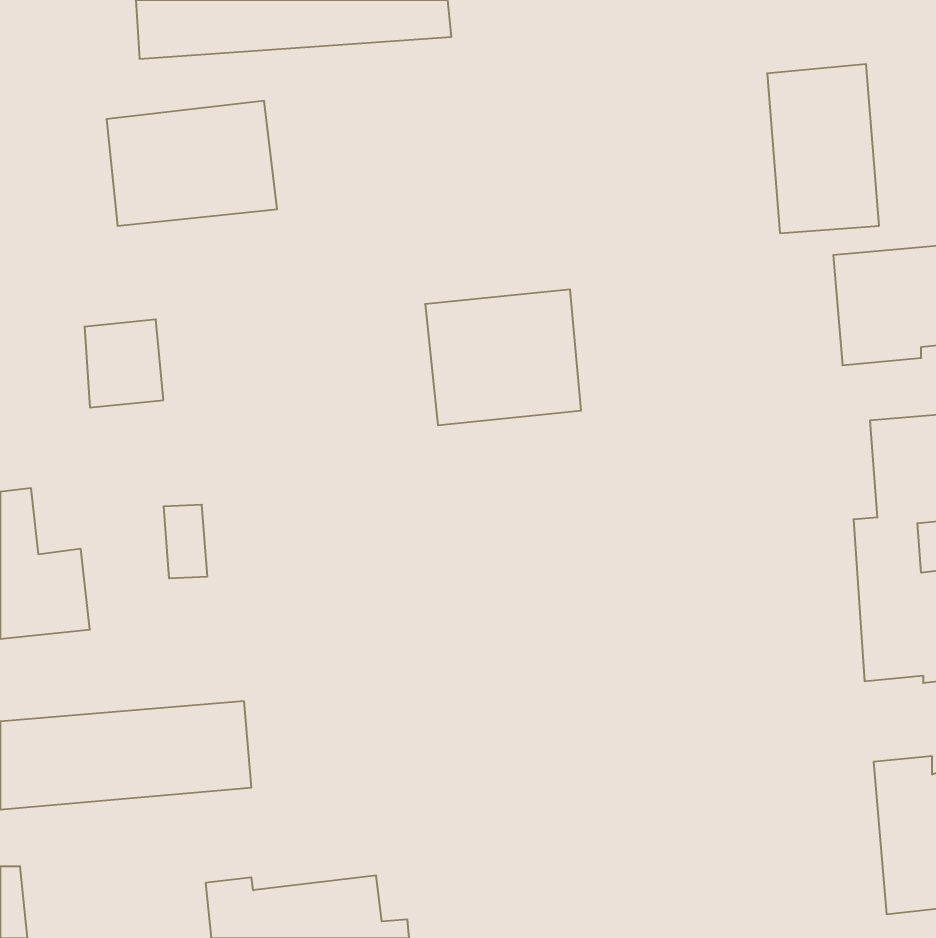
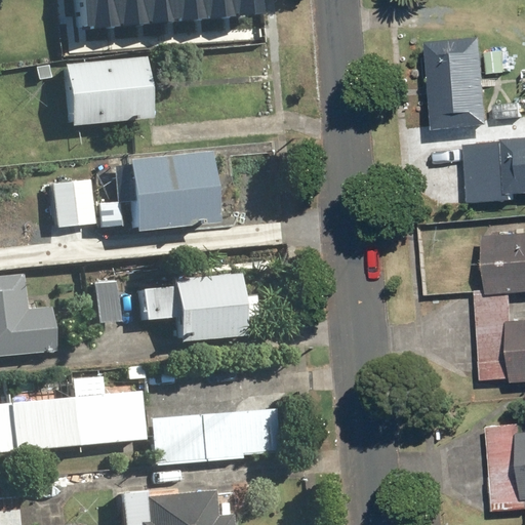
building: [425,289,581,425] -> [125,153,212,229]
building: none -> [137,274,242,341]
building: none -> [148,408,286,465]

